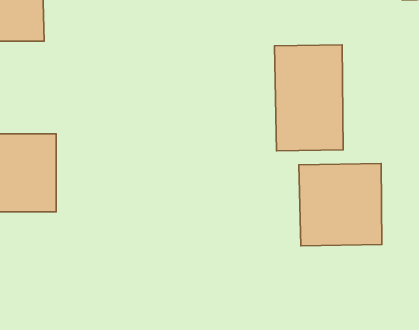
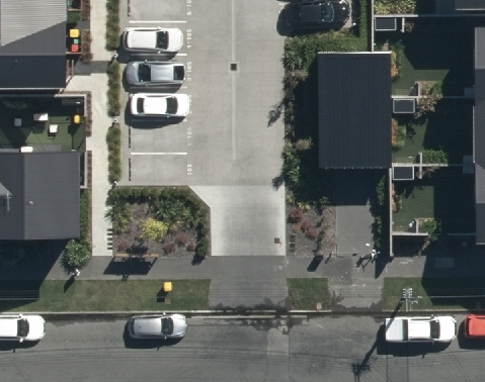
building: [299,164,382,246] -> none

